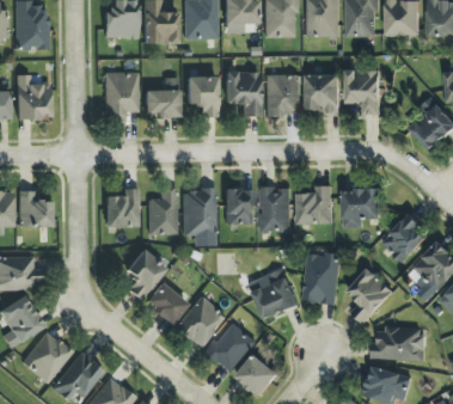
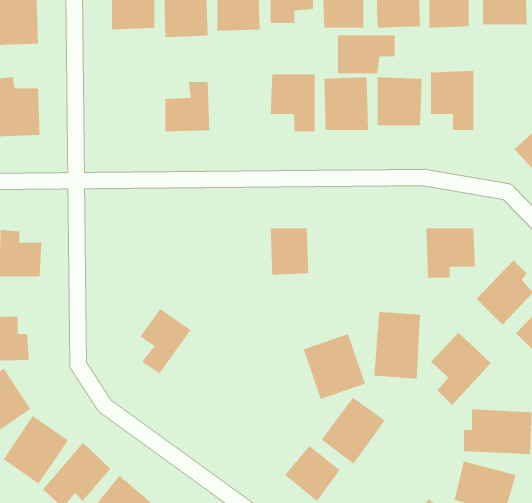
building: none -> [338,35,395,74]
building: [104,72,139,117] -> none
building: [186,76,218,117] -> none
building: [298,185,332,225] -> none
building: [261,186,290,232] -> none
building: [148,188,177,234] -> none
building: [105,189,139,227] -> none
building: [183,189,216,246] -> none
building: [145,282,188,324] -> none
building: [176,296,226,348] -> none
building: [207,322,256,373] -> [321,397,385,465]

